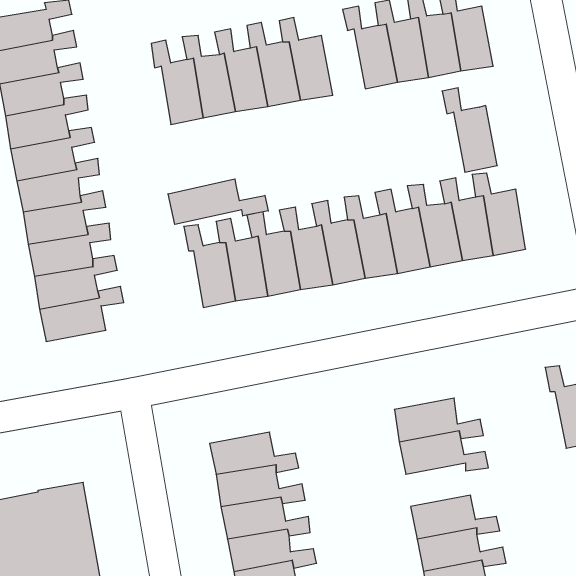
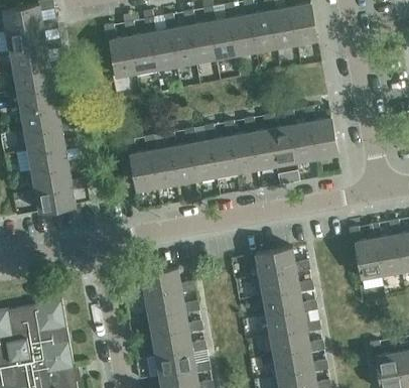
building: [442,88,497,172] -> [202,8,237,60]
building: [168,179,268,224] -> none
building: none -> [262,289,317,316]

